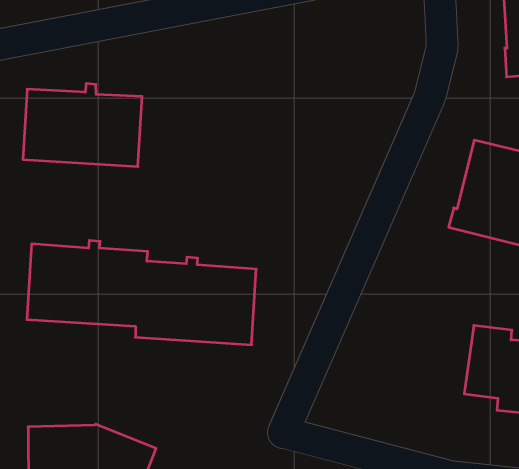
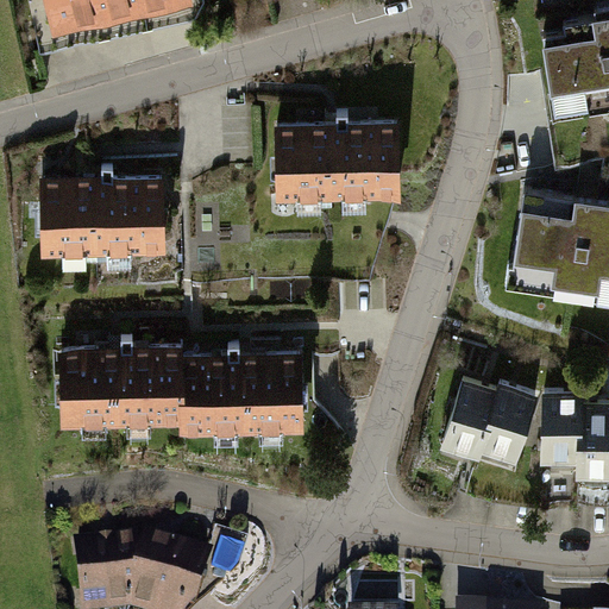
building: none -> [275,113,402,202]
building: none -> [439,378,539,466]

